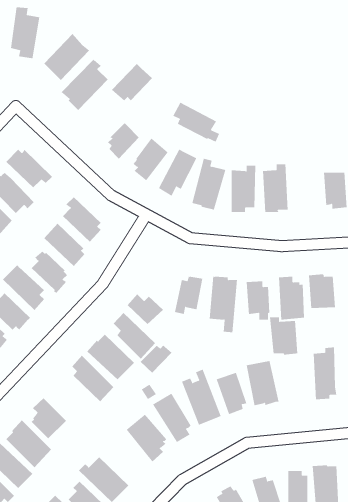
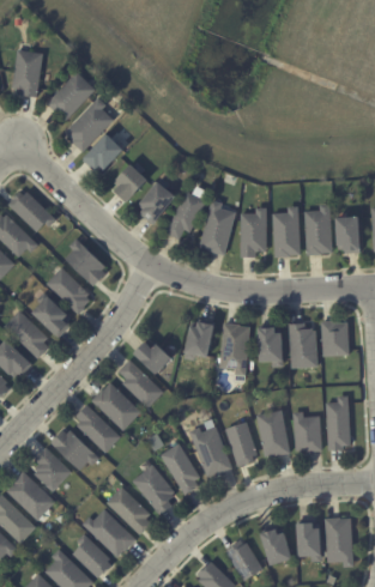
building: [111,63,153,101] -> [79,133,122,173]
building: [172,102,220,143] -> none
building: none -> [306,204,333,254]
building: [269,317,298,355] -> [292,412,322,452]
building: [140,345,173,374] -> none
building: none -> [49,428,96,467]
building: none -> [107,486,151,535]

